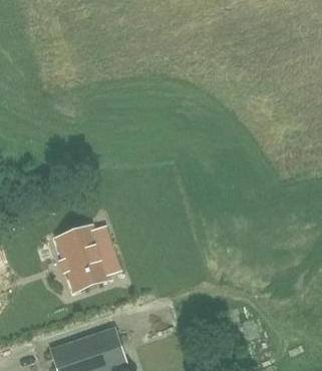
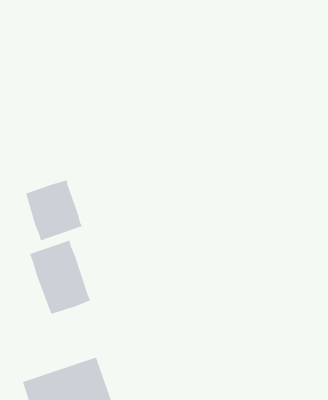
building: none -> [25,179,83,241]

